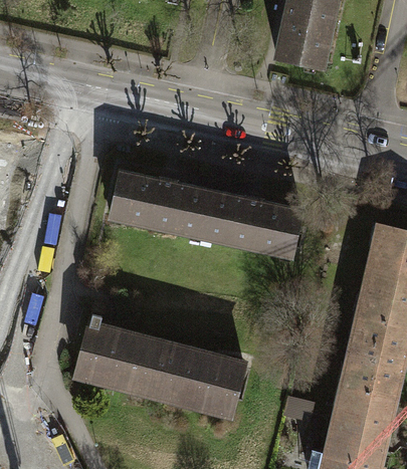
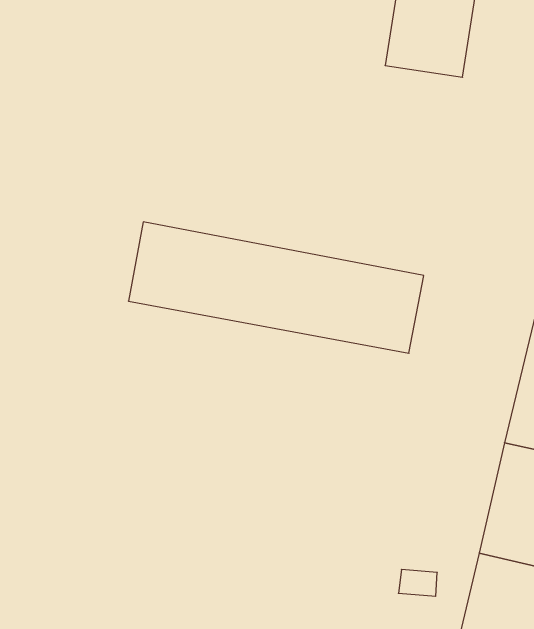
building: [67,320,245,419] -> none

